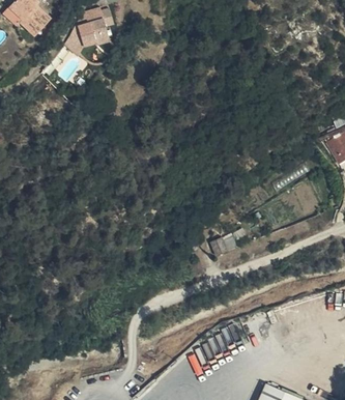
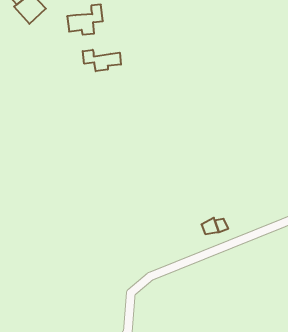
building: none -> [83,50,121,71]

